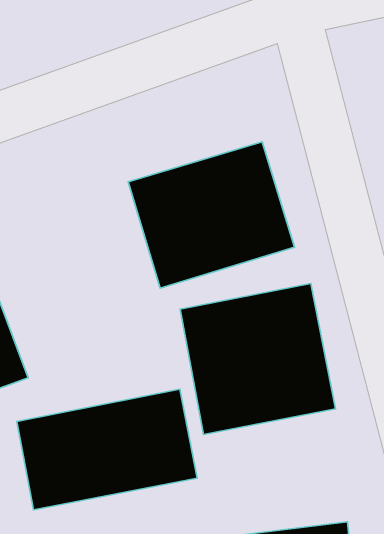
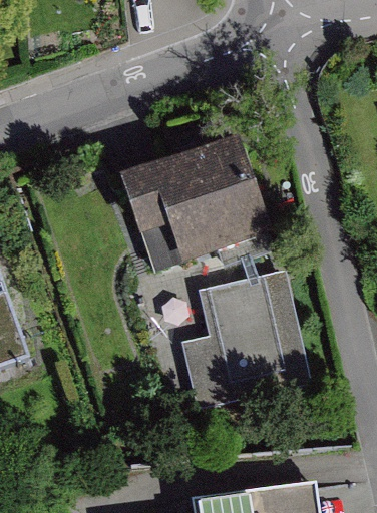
building: [17,389,197,510] -> none

